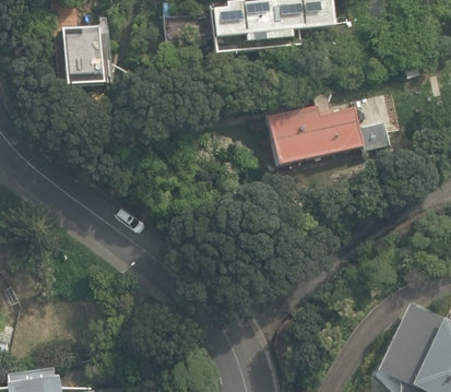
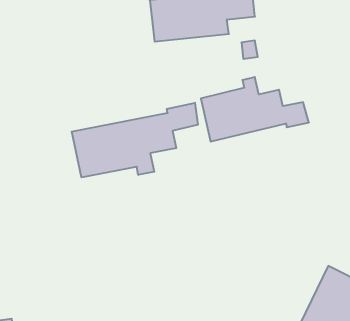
building: [57,17,112,92] -> none
building: none -> [72,103,198,177]

